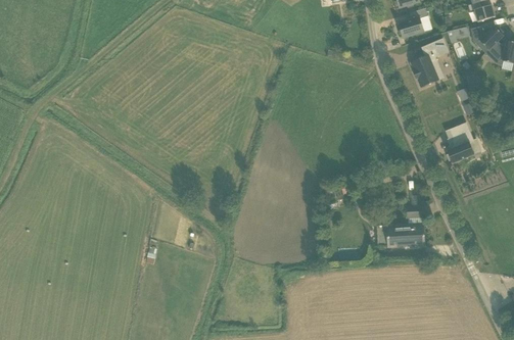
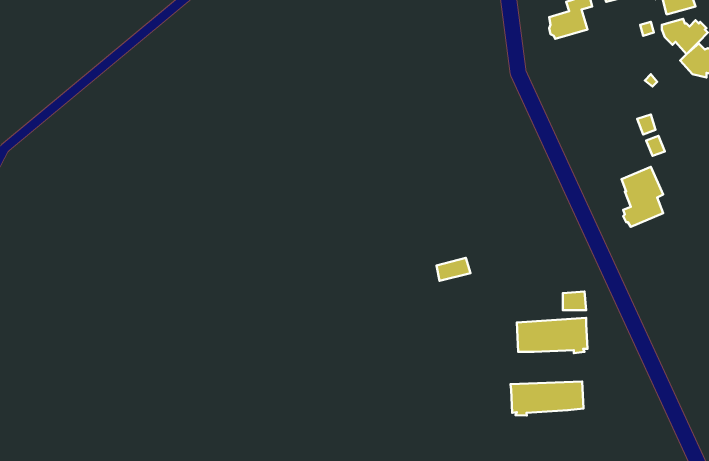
building: [411,39,448,87] -> none
building: none -> [511,381,584,416]

